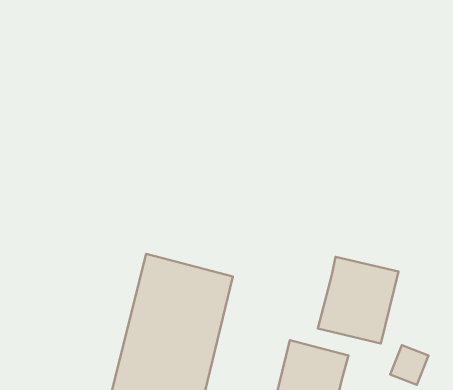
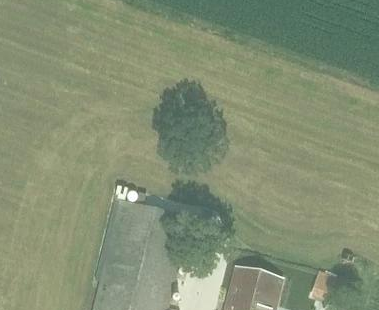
building: [318,257,399,343] -> none

